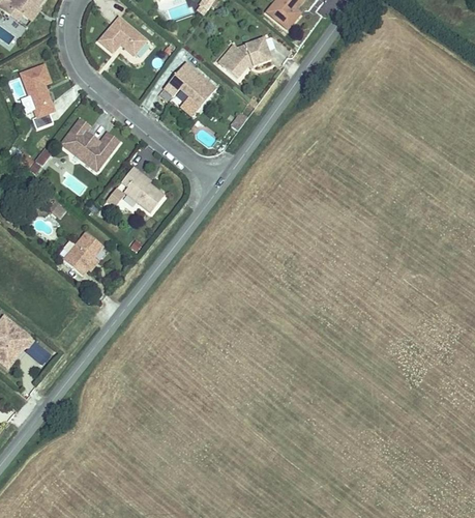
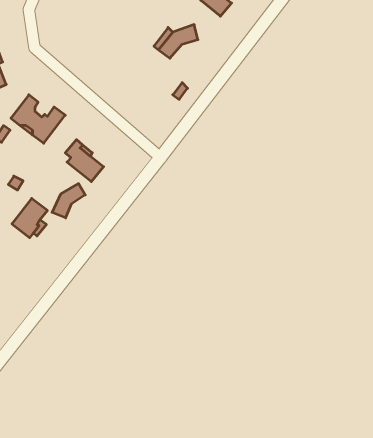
building: [98,16,143,56] -> none
building: [164,70,216,111] -> none
building: none -> [52,184,85,218]

